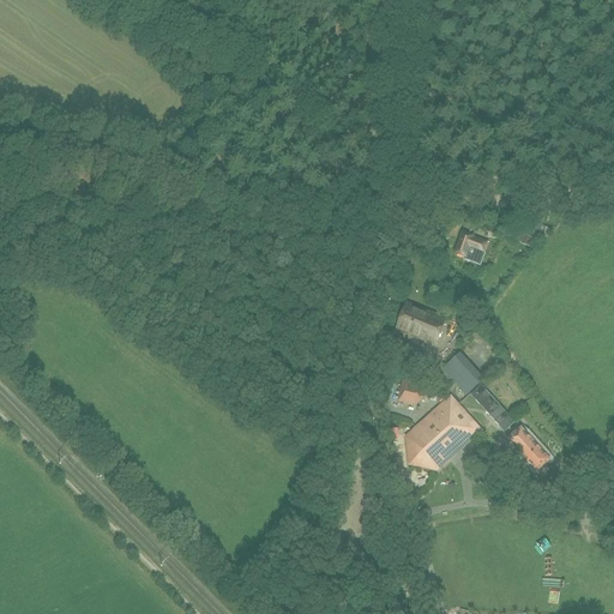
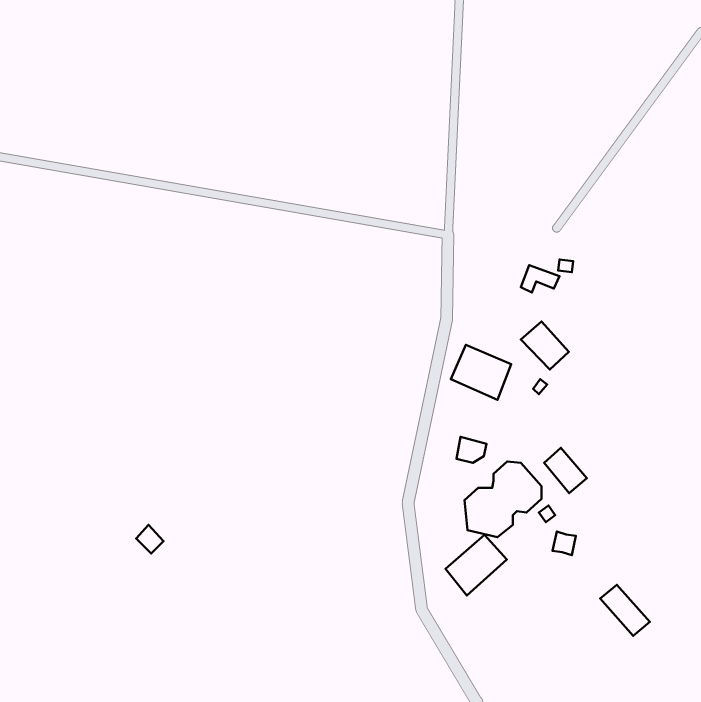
building: [444,349,486,391] -> [521,322,569,370]
building: [506,428,549,472] -> [600,585,650,636]
building: none -> [445,535,507,595]

